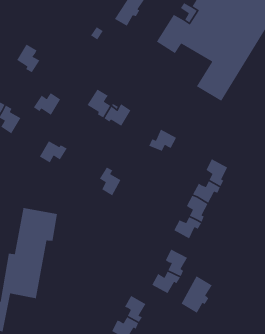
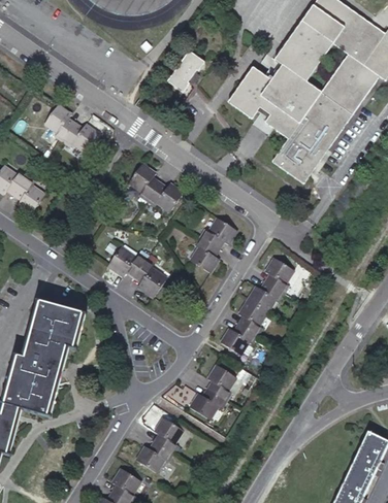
building: [33,92,61,116] -> [62,122,97,150]
building: [39,140,68,164] -> [109,247,146,276]
building: none -> [189,237,217,271]
building: [180,275,213,314] -> none

